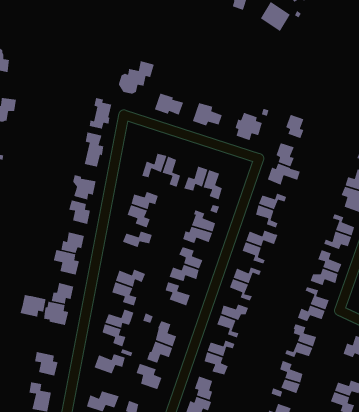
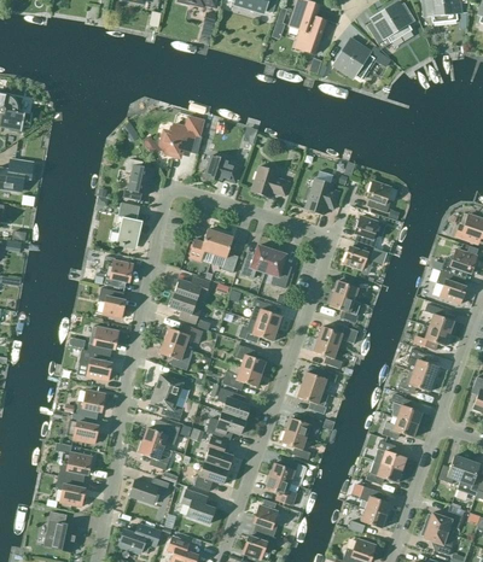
building: none -> [159,340,193,370]
building: [19,294,47,317] -> [58,451,92,480]
building: none -> [206,411,245,438]

